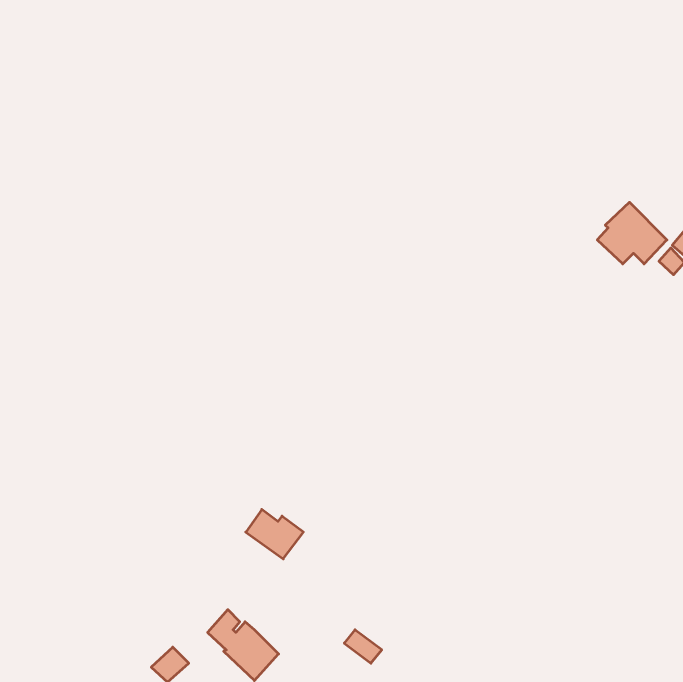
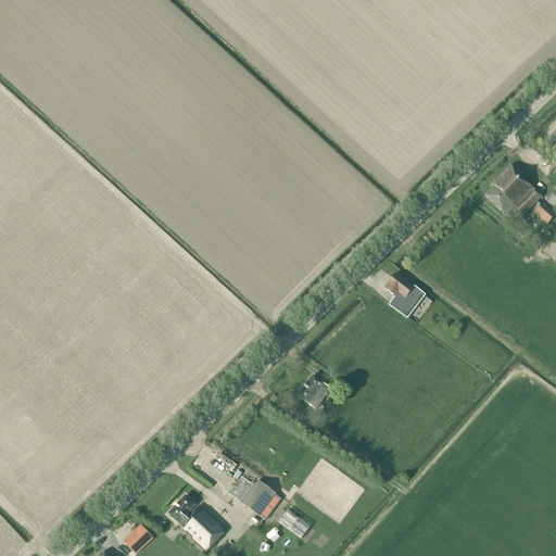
building: none -> [384,271,418,300]
building: none -> [299,375,331,408]
building: [246,509,303,559] -> [229,475,276,515]

